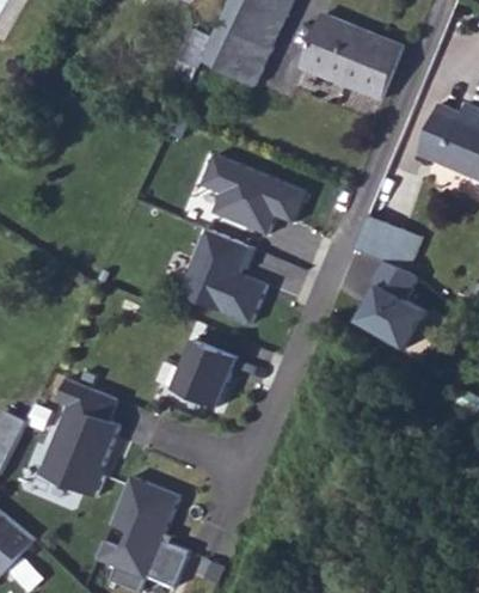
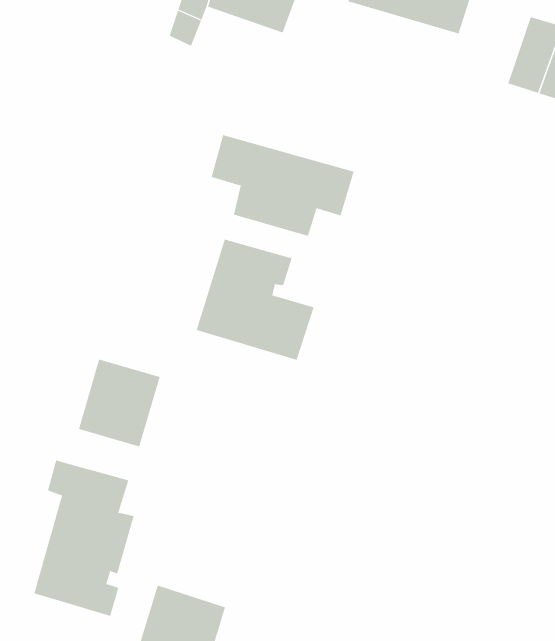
building: [354,213,426,347] -> none
building: [168,340,232,406] -> [78,359,160,447]

